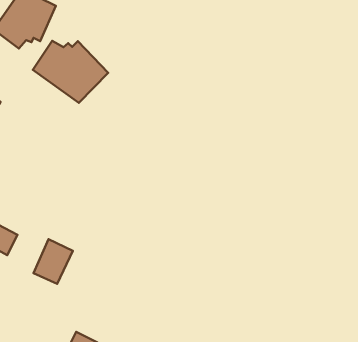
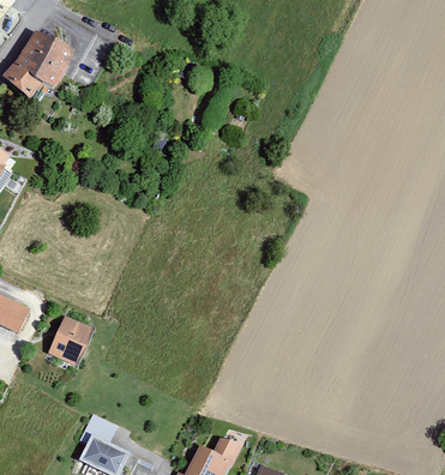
building: [33,41,108,103] -> none

